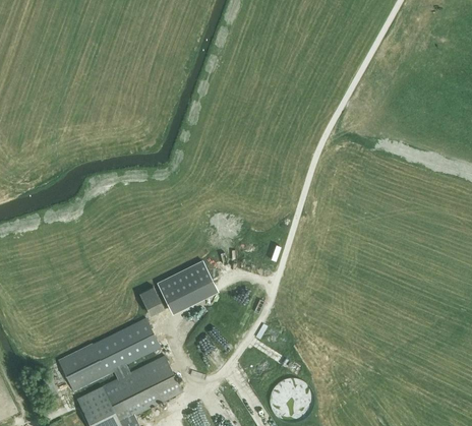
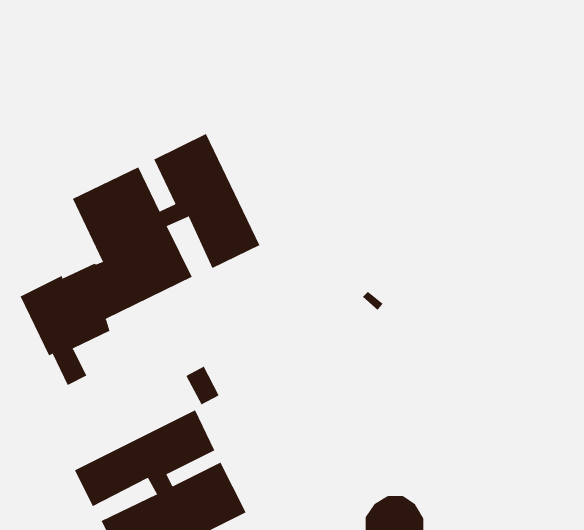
building: none -> [20,133,260,386]
building: [157,261,214,306] -> none

